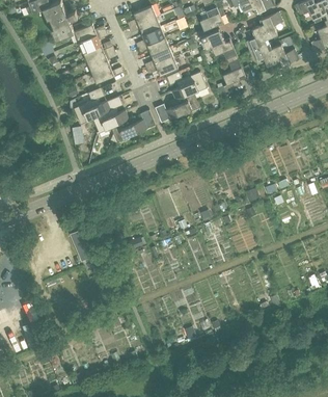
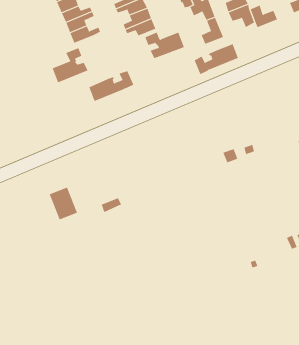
building: [155,91,200,123] -> [194,43,239,75]
building: [92,96,129,134] -> none

